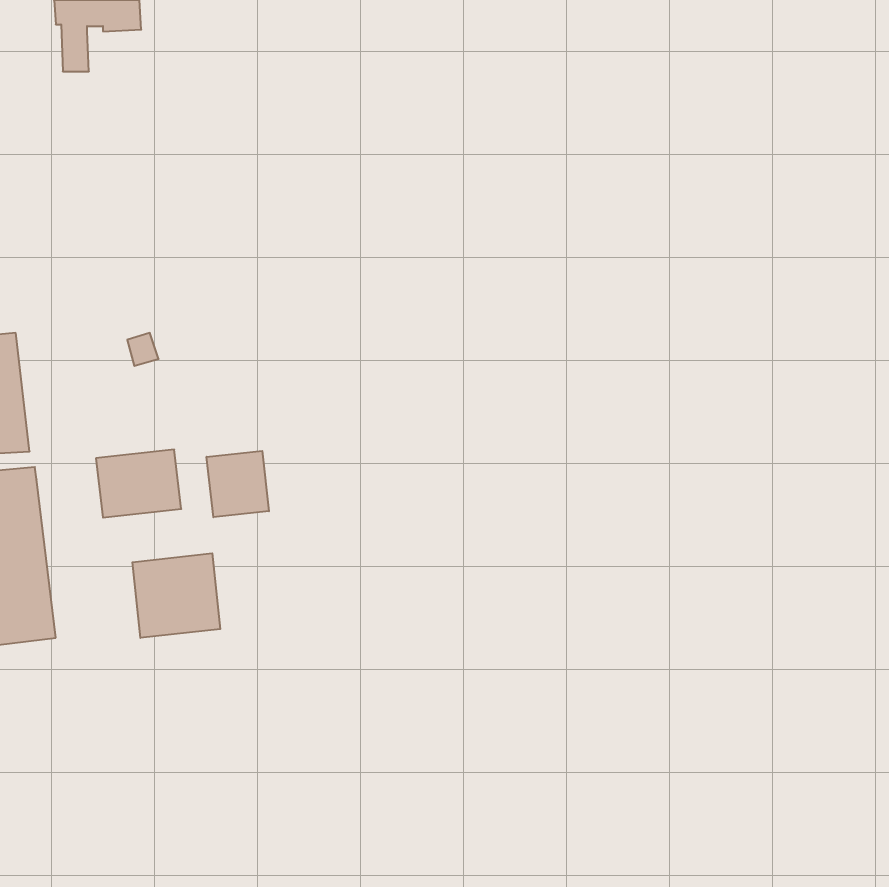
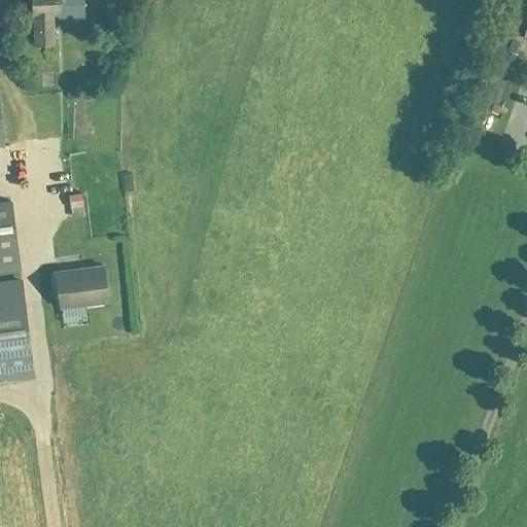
building: [207,451,269,517] -> none
building: [132,553,220,638] -> none

